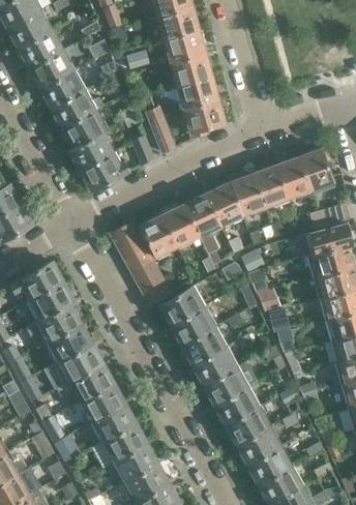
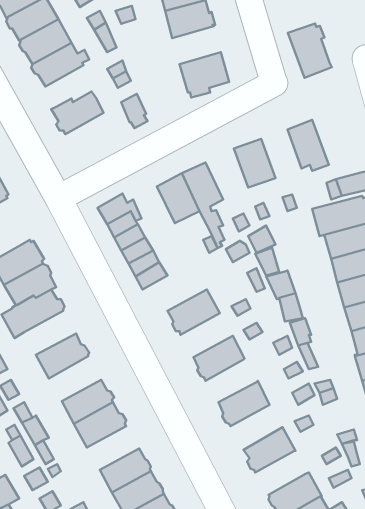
building: [175,76,217,109] -> none
building: [144,107,174,152] -> none
building: [63,110,109,146] -> none
building: [297,149,335,197] -> [288,23,332,78]
building: [81,151,129,189] -> none
building: [253,166,288,208] -> none
building: [204,182,241,227] -> none
building: [140,215,177,257] -> none
building: [159,286,205,324] -> none
building: [46,324,91,362] -> none
building: [182,326,228,364] -> none
building: [204,361,257,404] -> none
building: [56,363,113,403] -> none
building: [226,406,271,445] -> none
building: [100,424,146,463] -> none
building: [247,446,299,484] -> none

